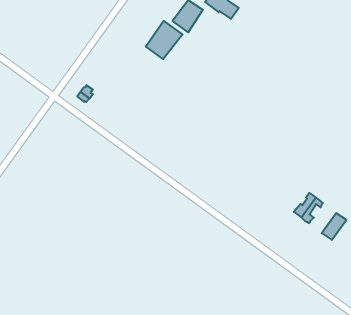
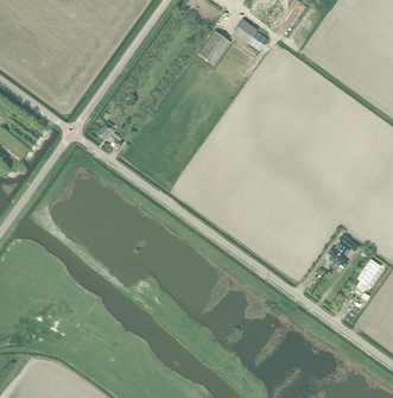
building: [146,21,183,59] -> none

